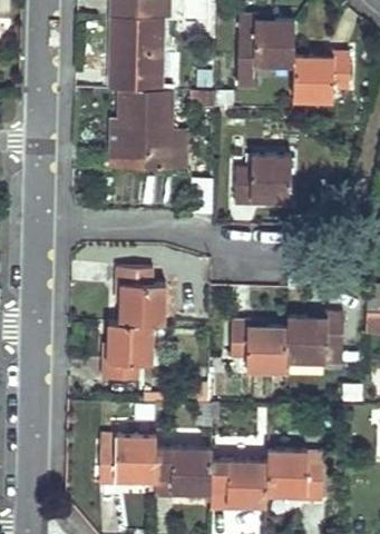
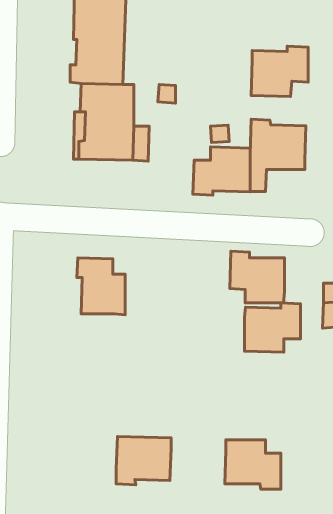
building: [237,17,294,90] -> [250,119,306,192]
building: [230,322,285,374] -> [230,251,285,303]
building: [101,324,153,380] -> none
building: [98,436,156,487] -> none
building: [210,462,266,512] -> none

